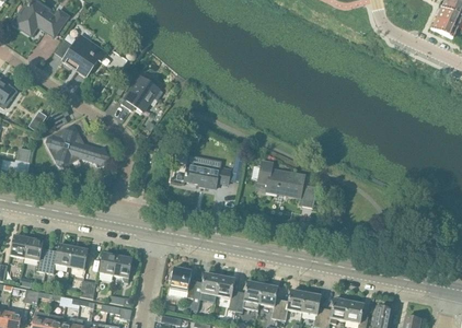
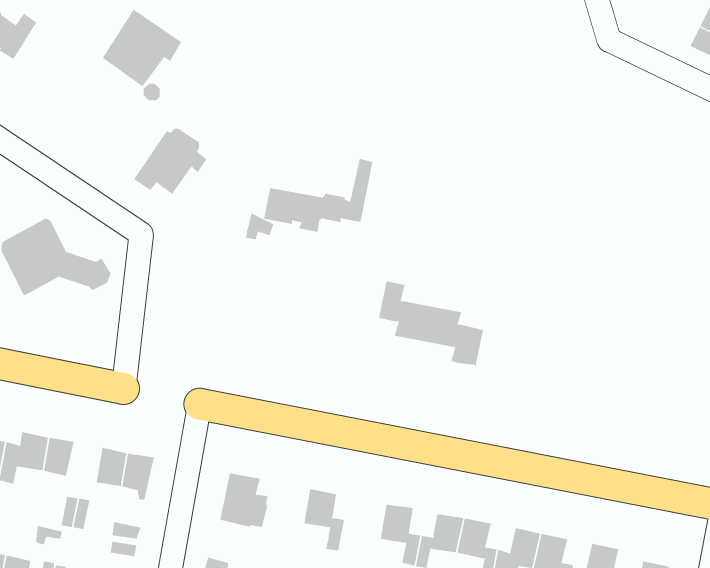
building: [62,33,107,77] -> [102,9,182,87]
building: [184,147,245,188] -> [263,158,373,232]
building: [192,272,219,303] -> none
building: [235,281,262,312] -> none

